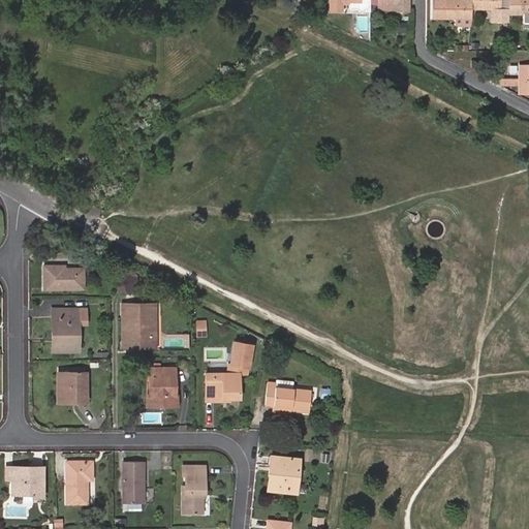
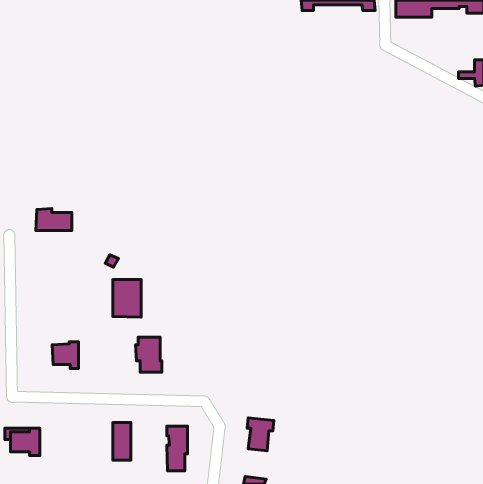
building: [44,264,84,288] -> [36,209,72,230]
building: [52,309,79,350] -> none
building: [207,343,253,399] -> none
building: [267,382,310,411] -> none
building: [67,461,92,503] -> none

